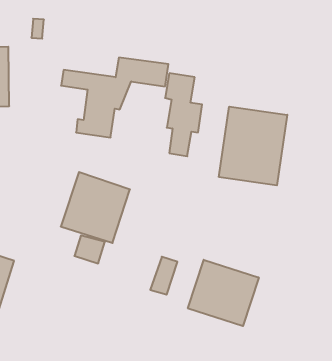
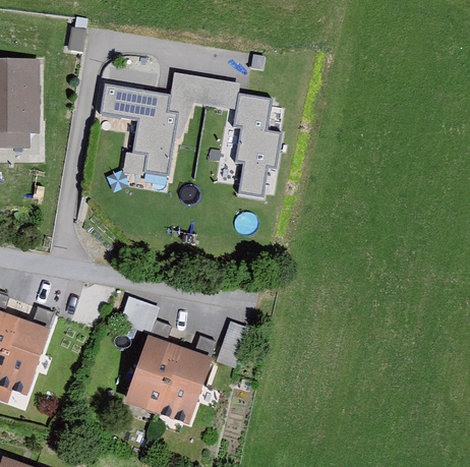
building: [219,107,287,185] -> none
building: [61,172,130,243] -> [124,335,210,422]
building: [188,260,259,326] -> none

